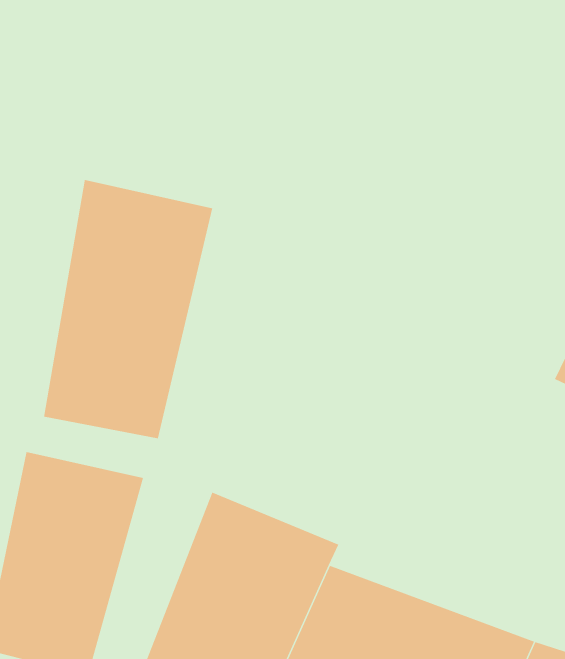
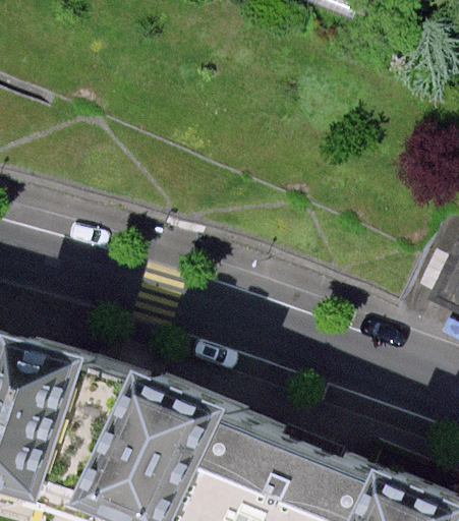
building: [43,179,213,439] -> none

